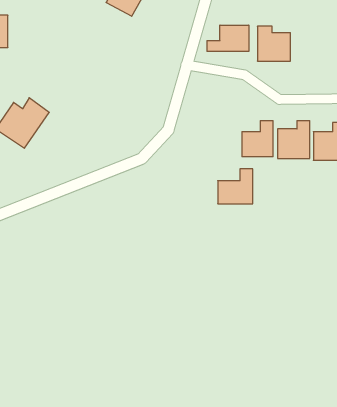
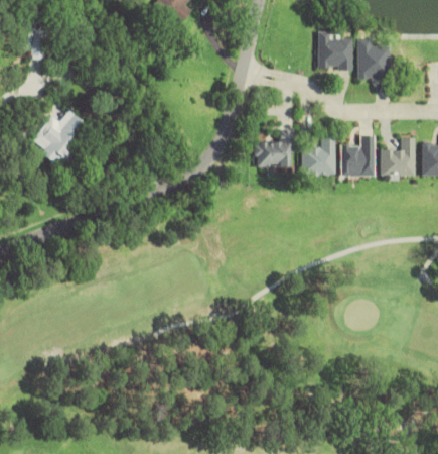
building: [207,25,249,51] -> none
building: none -> [357,38,390,78]
building: [218,169,253,204] -> [255,128,293,166]

